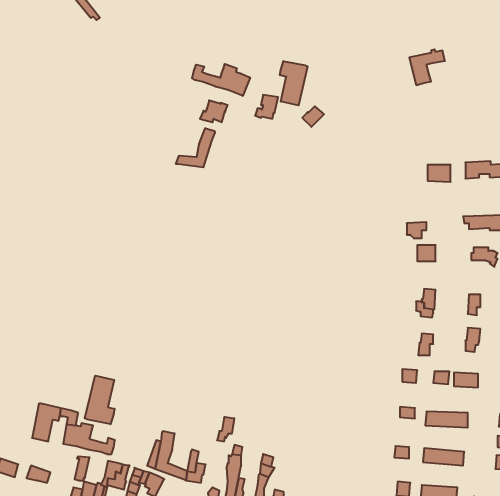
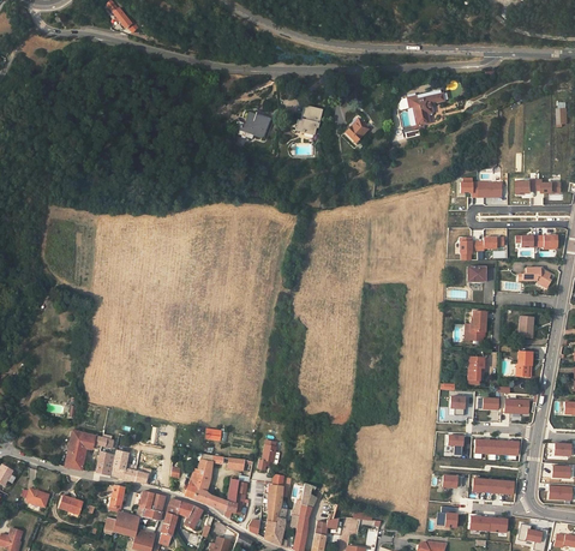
building: [409,49,445,85] -> [407,89,444,126]
building: [280,61,308,105] -> none
building: [192,64,250,96] -> none
building: [176,128,215,167] -> none
building: [85,376,115,424] -> none

